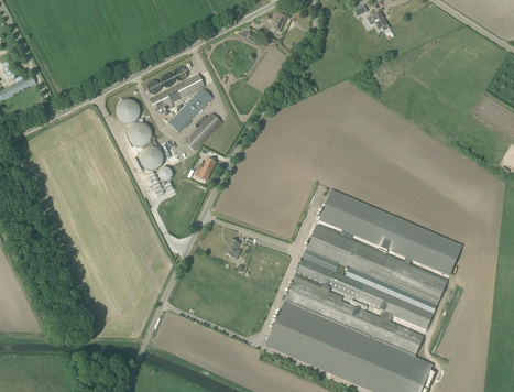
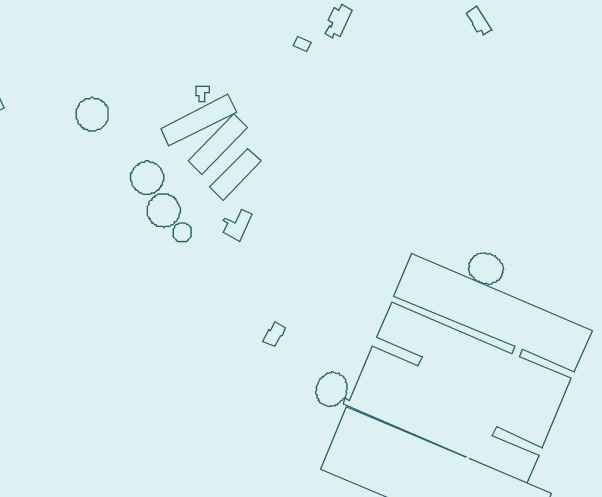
building: [116,98,139,122] -> [76,97,108,131]
building: none -> [469,253,504,285]
building: none -> [316,372,347,407]

